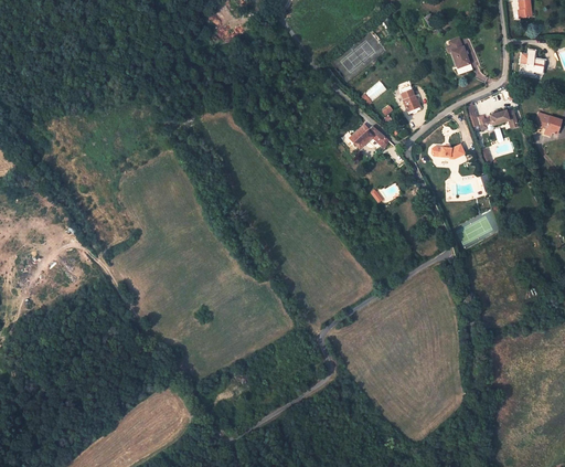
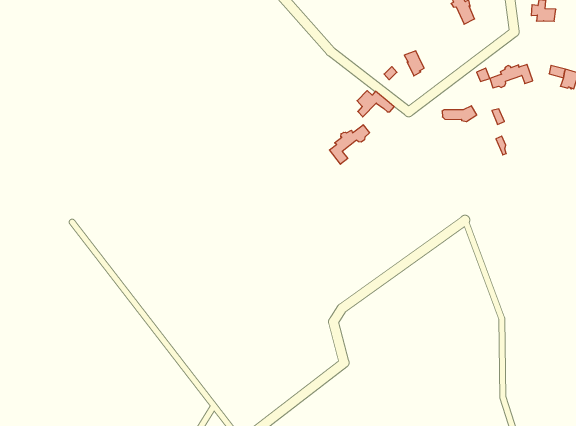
building: none -> [329,125,370,164]

